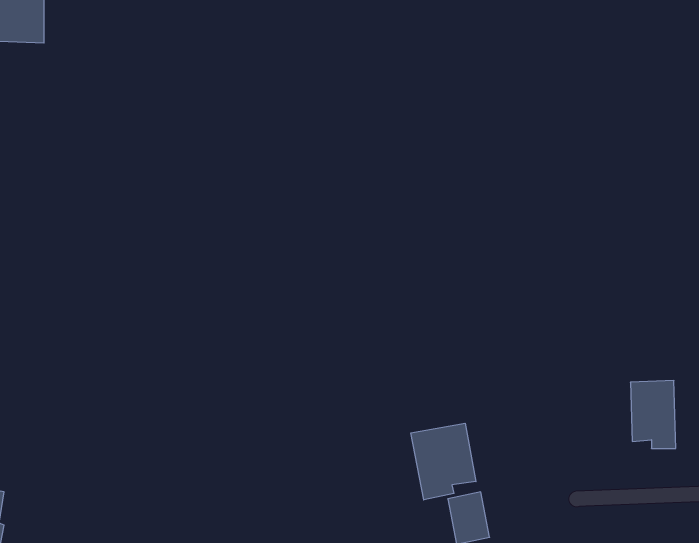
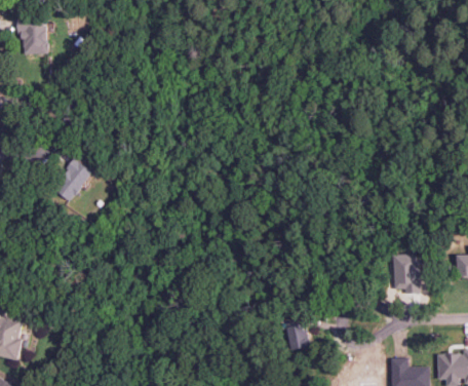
building: none -> [53,158,93,201]
building: [411,423,476,500] -> none

